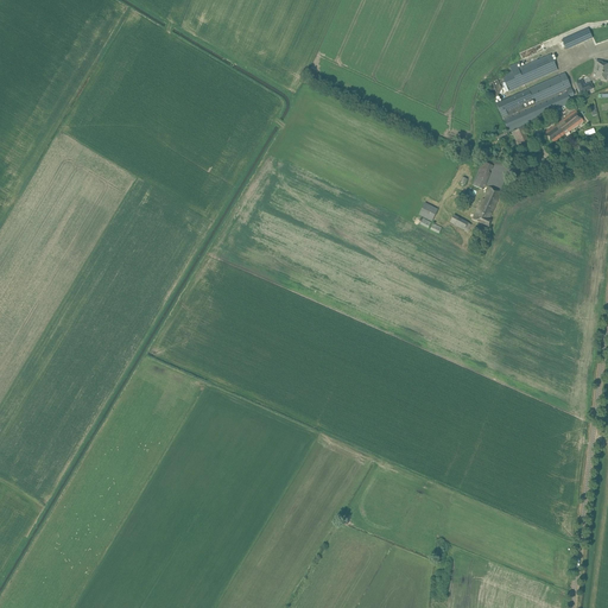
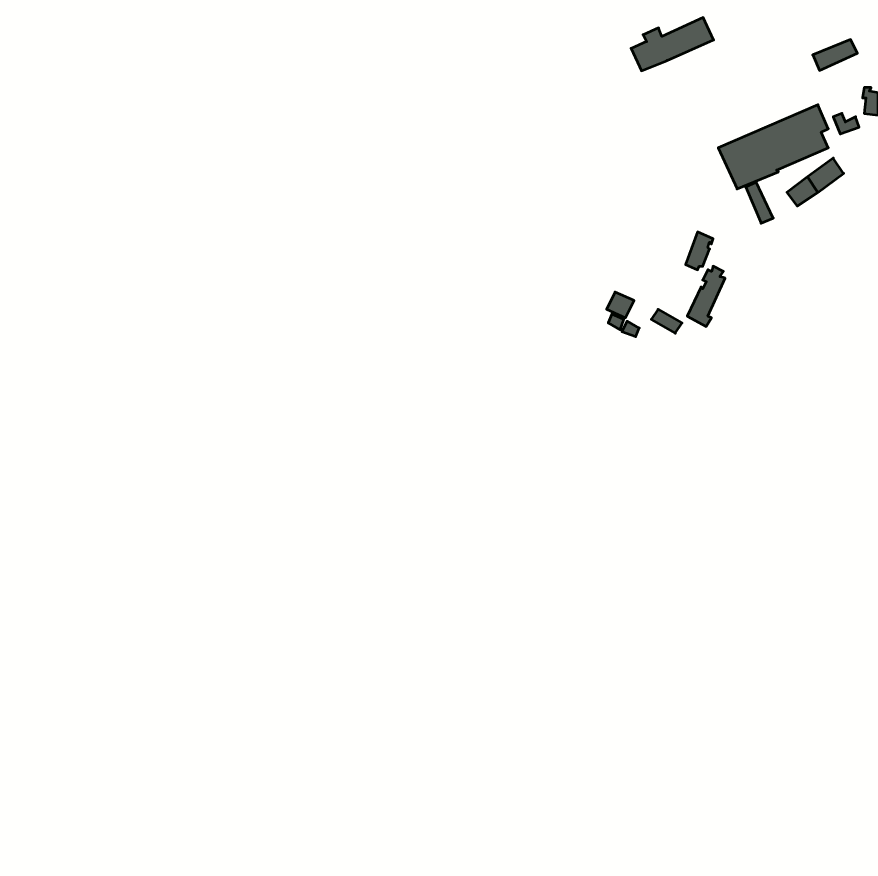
building: [501,53,558,90] -> [631,18,714,71]

